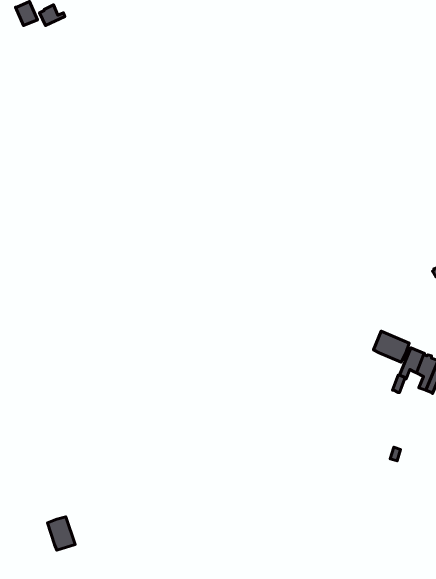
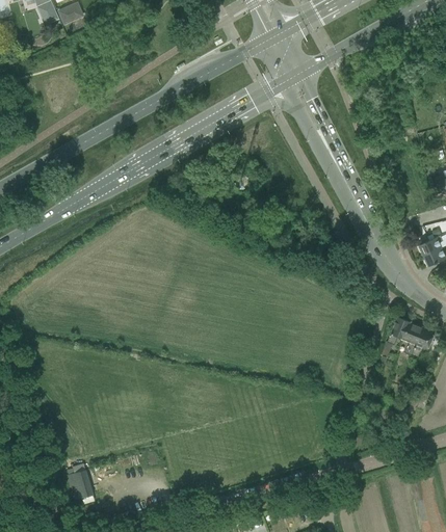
building: [373,331,409,362] -> none

